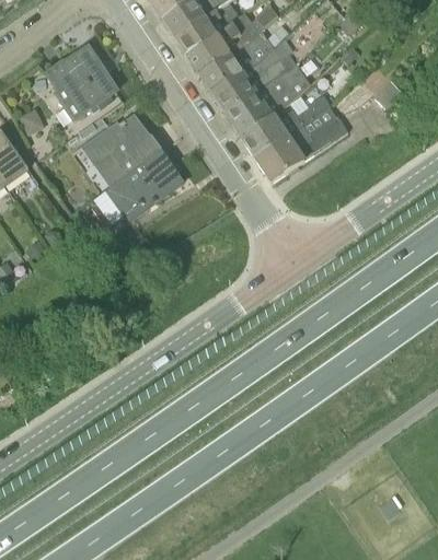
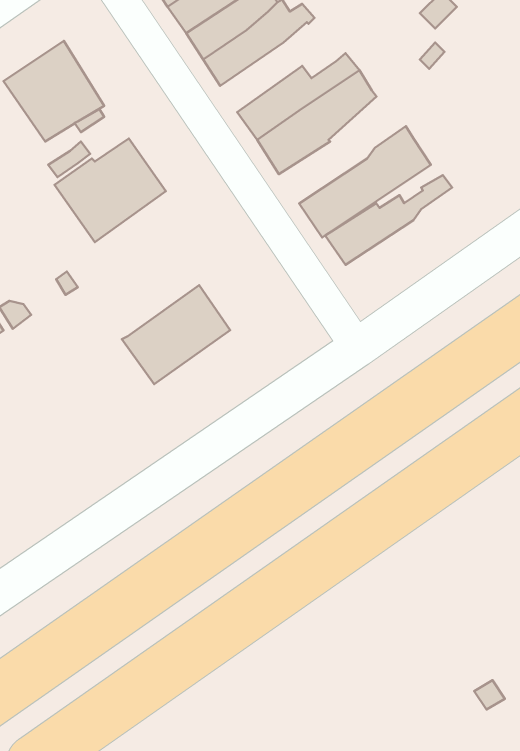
building: [198,31,274,94] -> none
building: [240,95,330,159] -> [325,175,452,265]
building: [105,150,182,220] -> [122,285,230,384]

